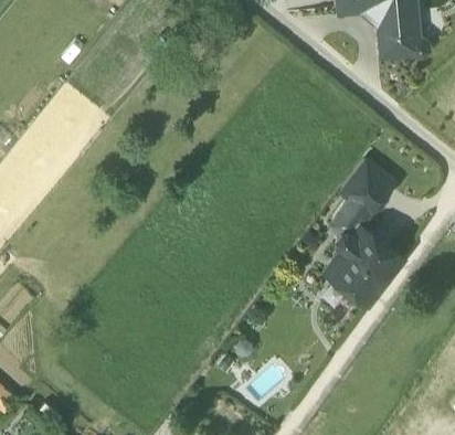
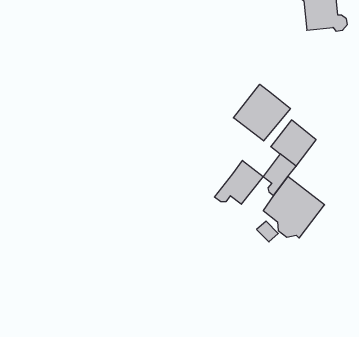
building: none -> [233,84,290,141]
building: none -> [214,160,263,204]

